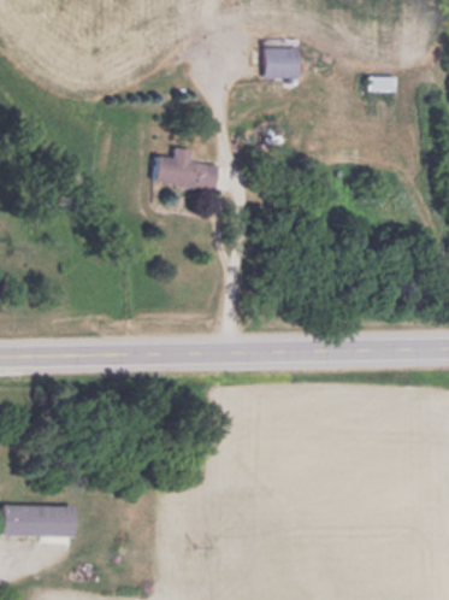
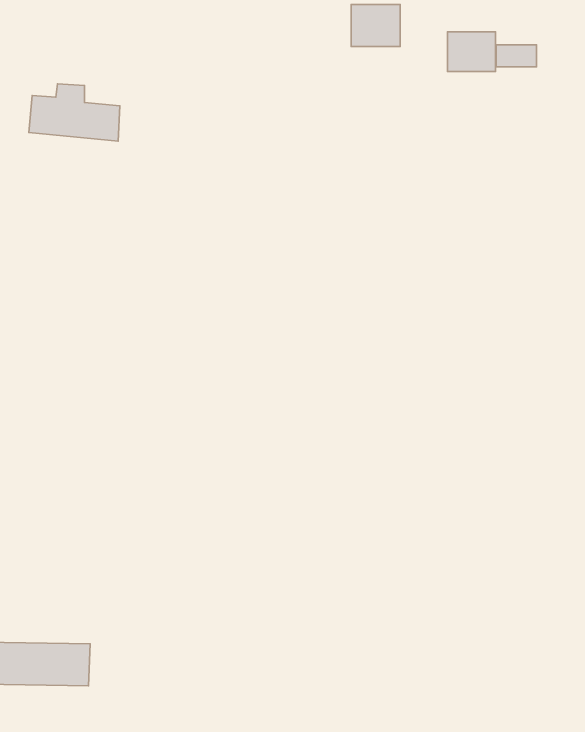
building: none -> [448,32,496,72]
building: [150,149,215,190] -> [29,84,120,141]

